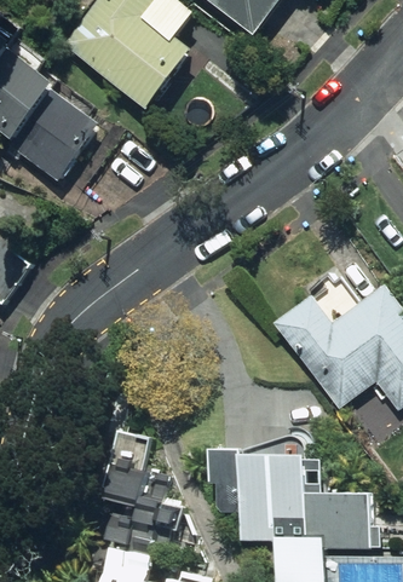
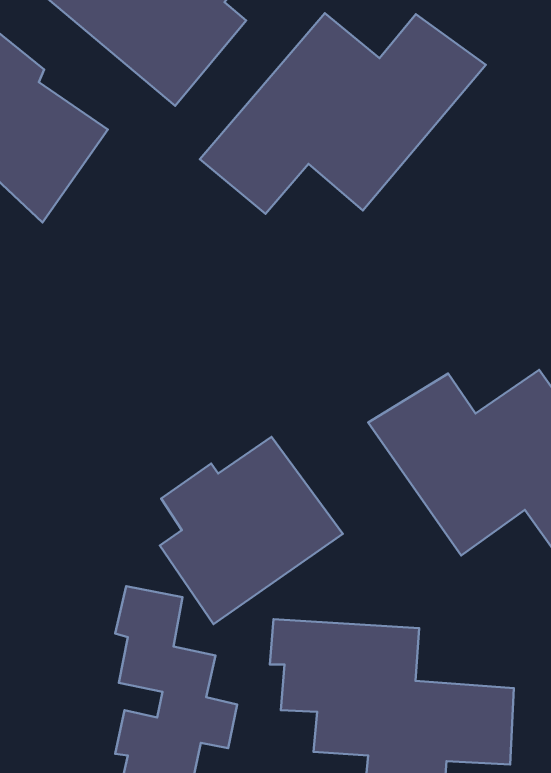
building: none -> [200,13,486,214]
building: none -> [160,437,343,624]

